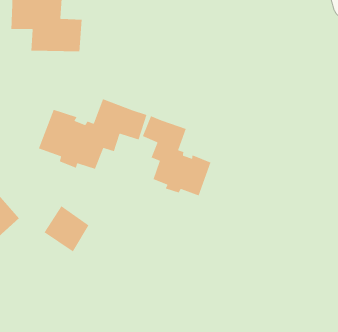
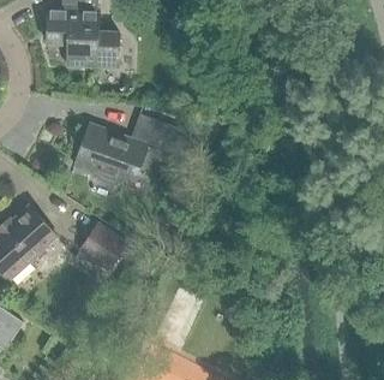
building: [142,115,211,197] -> none

